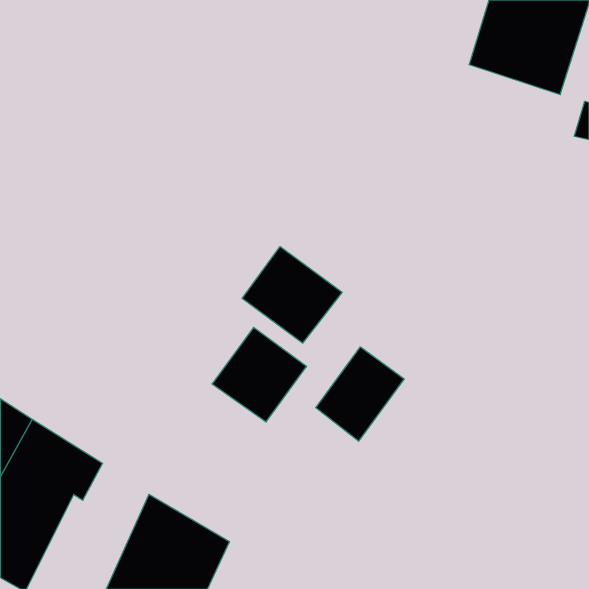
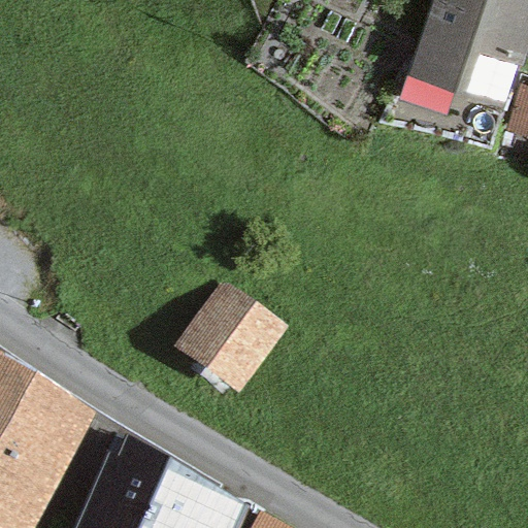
building: [242,247,342,343] -> none
building: [316,347,404,441] -> none

